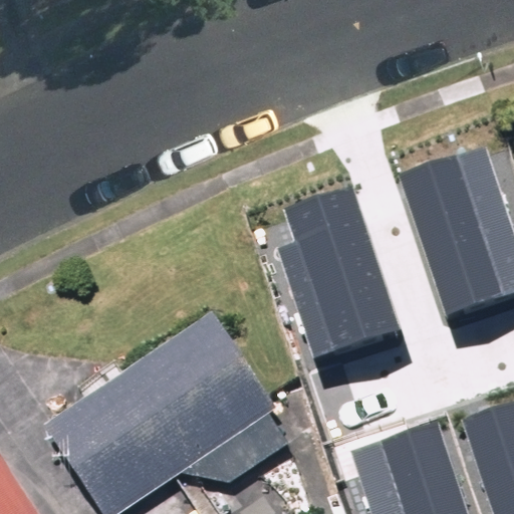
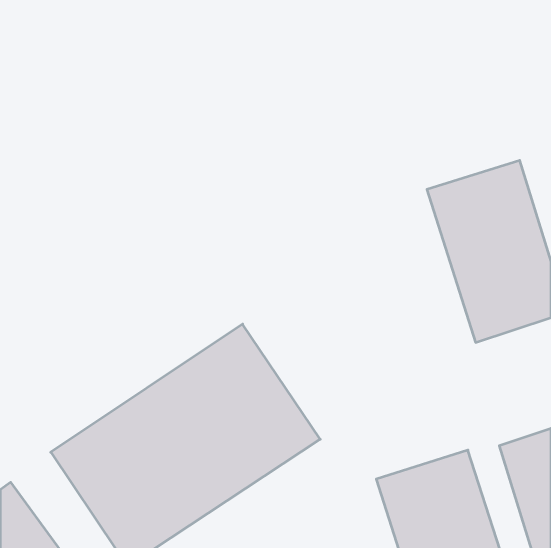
building: [267,187,399,357] -> none

